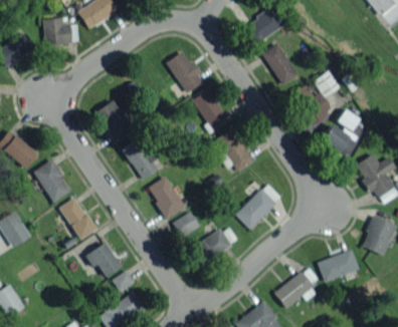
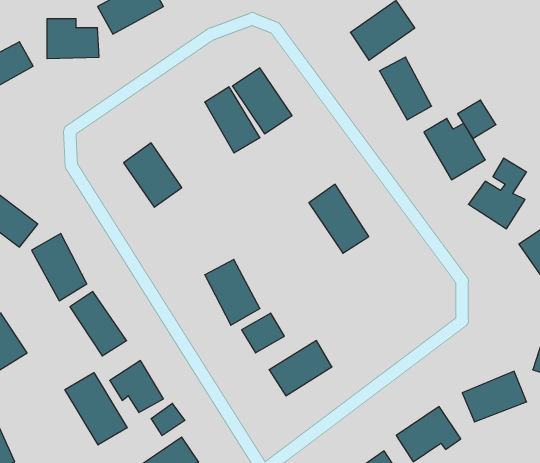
building: [193,88,229,131] -> [205,87,260,153]
building: [123,138,157,181] -> none
building: [235,183,281,229] -> none
building: none -> [65,373,127,445]

